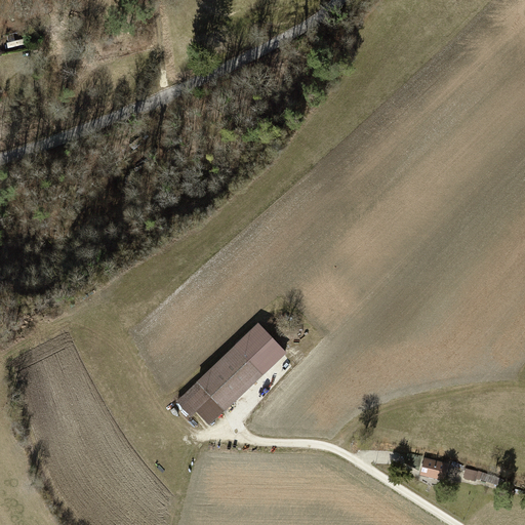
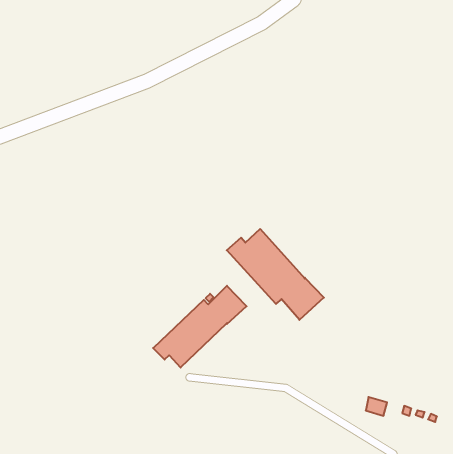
building: none -> [227,229,324,320]

